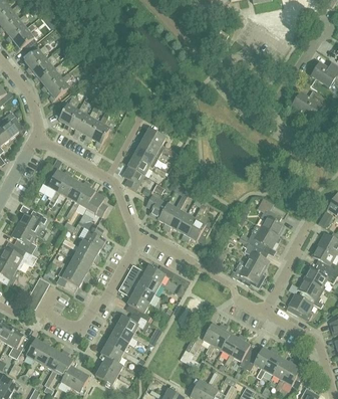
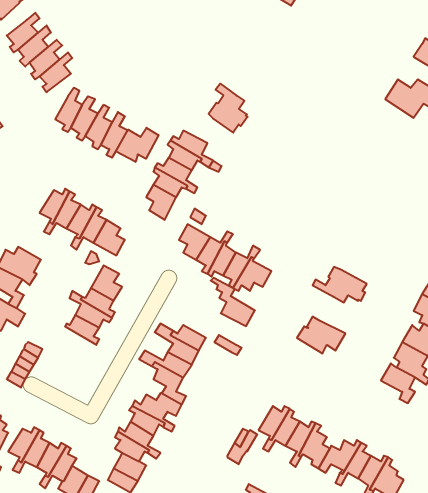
building: none -> [209,84,248,133]
building: none -> [116,128,159,162]
building: [260,207,284,236] -> none
building: [238,237,269,271] -> [211,278,255,326]
building: [57,260,87,292] -> none

